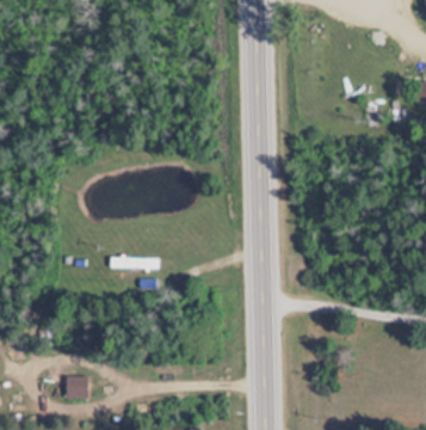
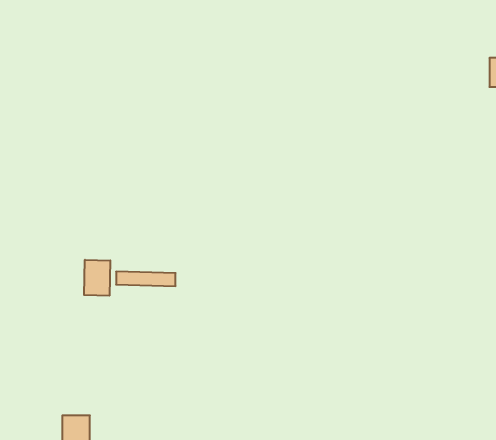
building: none -> [84,260,110,296]

